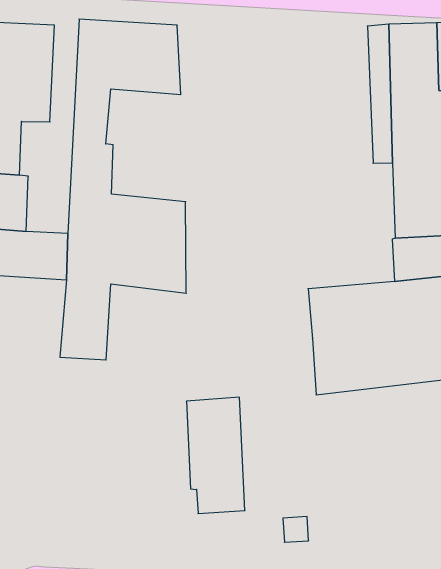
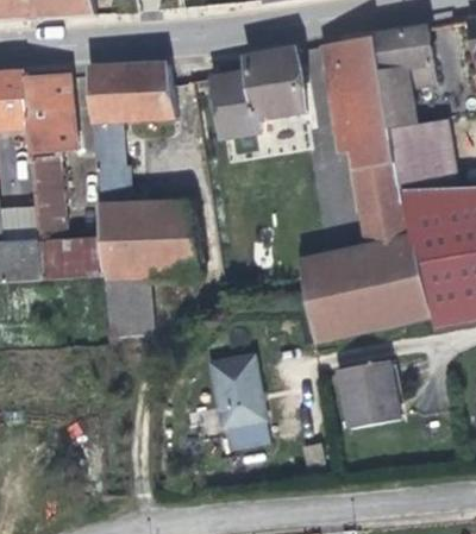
building: none -> [209,48,307,137]
building: none -> [340,358,402,427]

